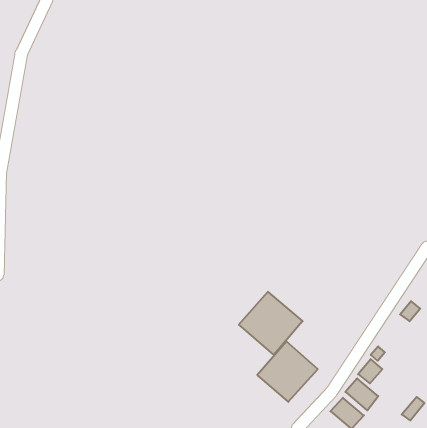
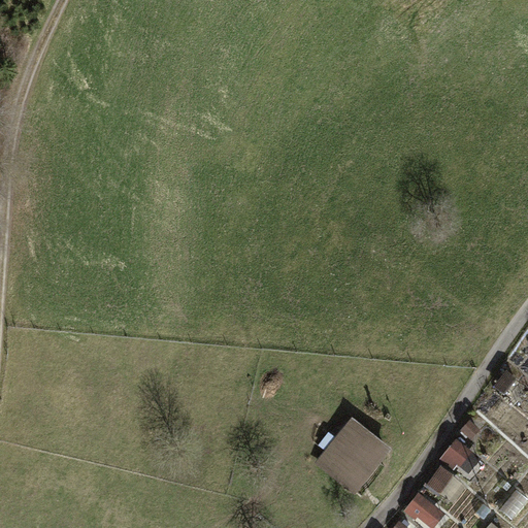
building: [239,292,303,355] -> none

